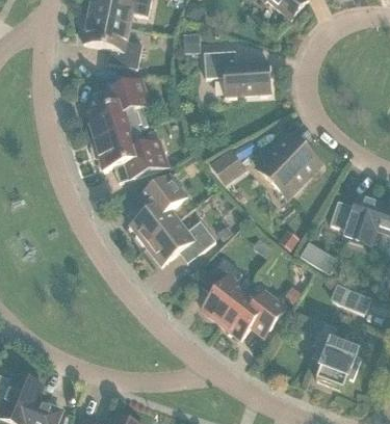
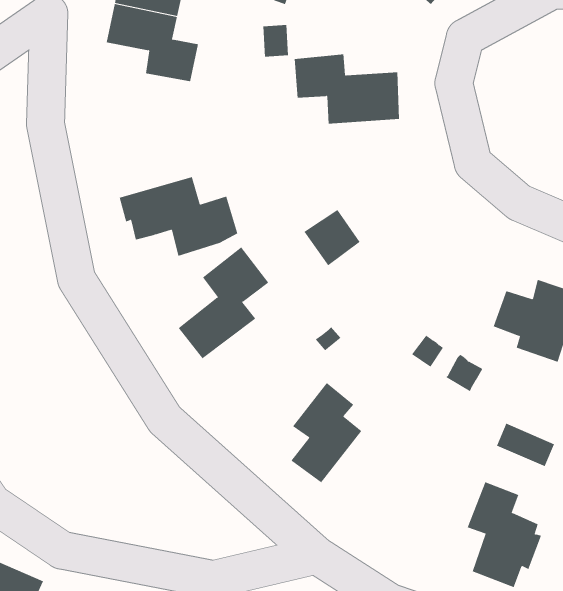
building: [85,81,150,141] -> none
building: [257,134,320,196] -> none
building: [145,218,215,265] -> none
building: [220,290,286,339] -> none

